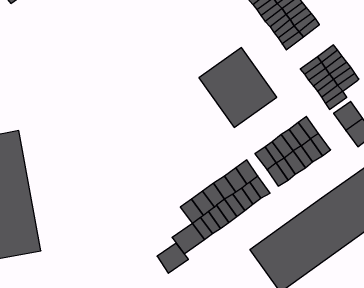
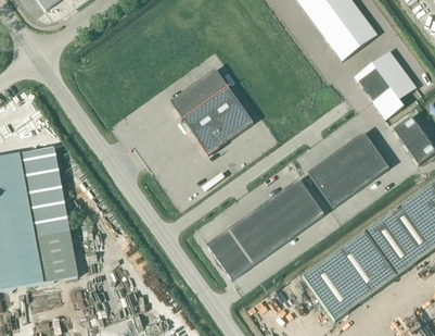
building: [199,48,277,127] -> [169,69,253,154]
building: [157,243,188,273] -> [206,229,240,262]

